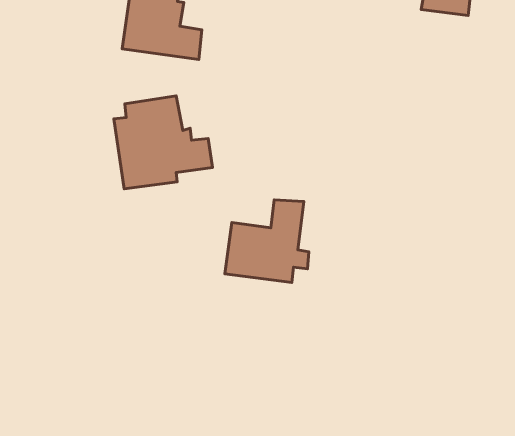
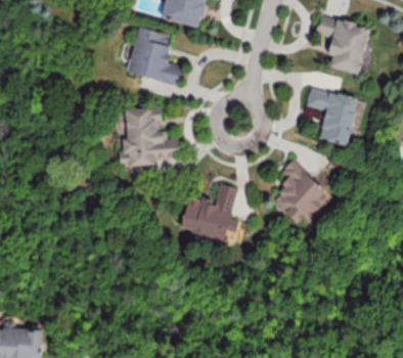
building: none -> [307,87,359,145]
building: none -> [272,160,327,225]

